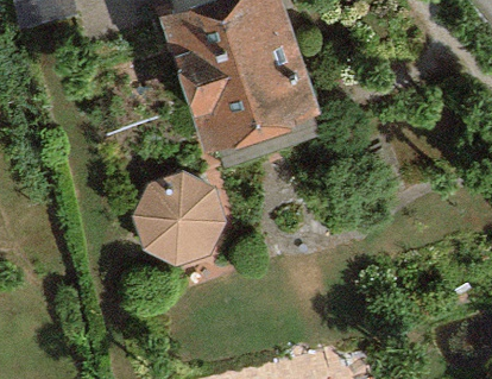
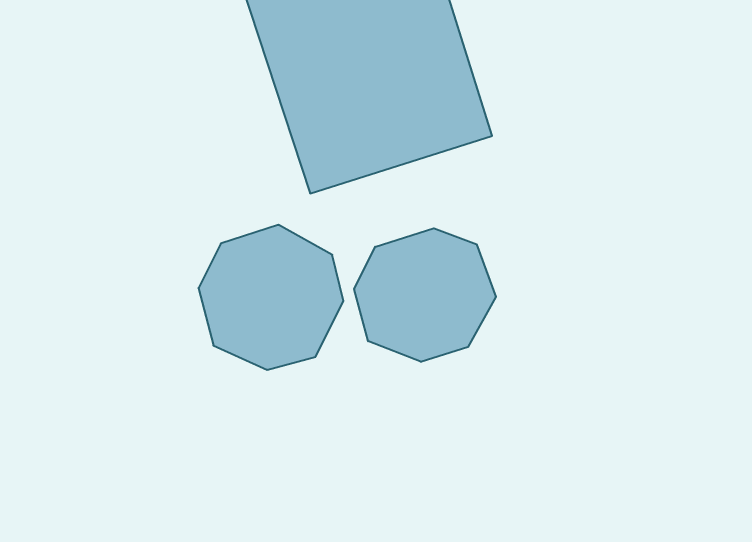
building: none -> [354,228,496,362]

